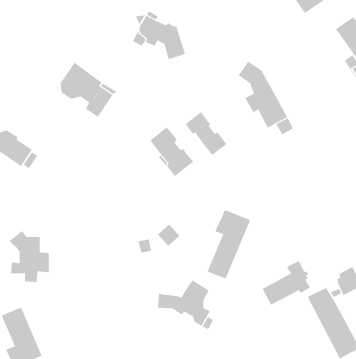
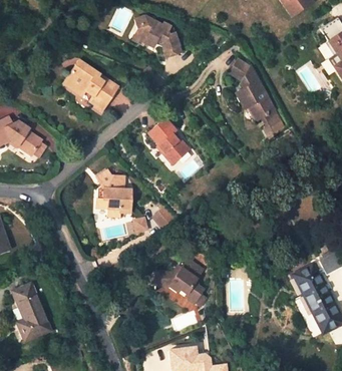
building: [185,111,227,156] -> none
building: [207,209,251,280] -> none
building: [9,230,49,283] -> [95,169,132,218]
building: [262,260,311,306] -> none

